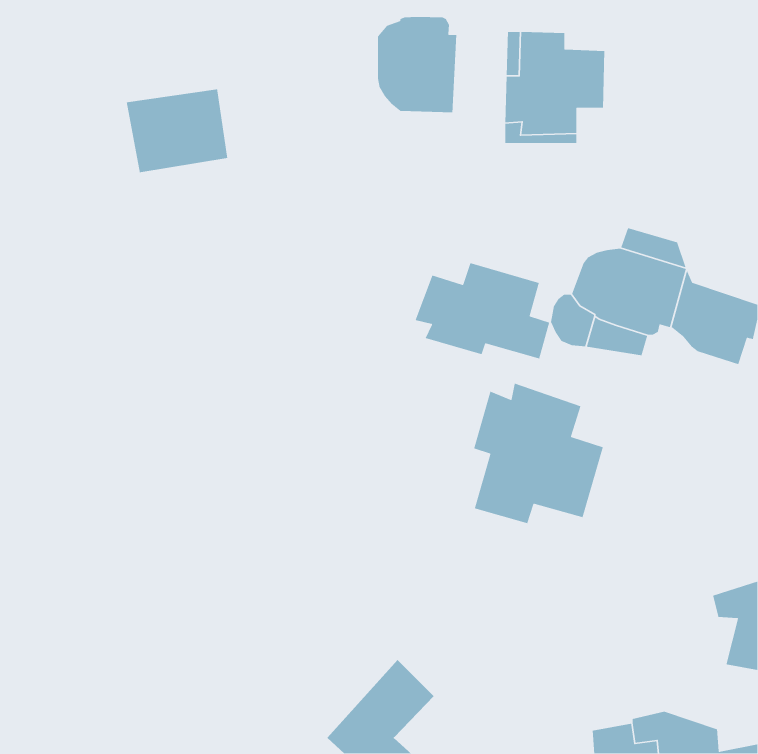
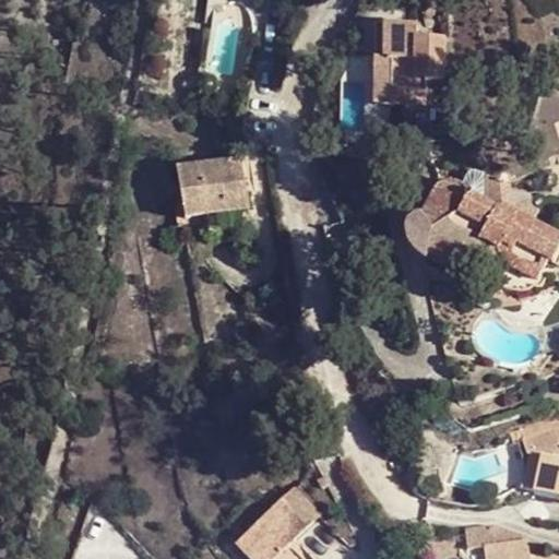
building: [377,16,457,113] -> none
building: [126,89,228,173] -> [174,156,249,218]
building: [415,262,550,359] -> none
building: [473,382,604,524] -> none

